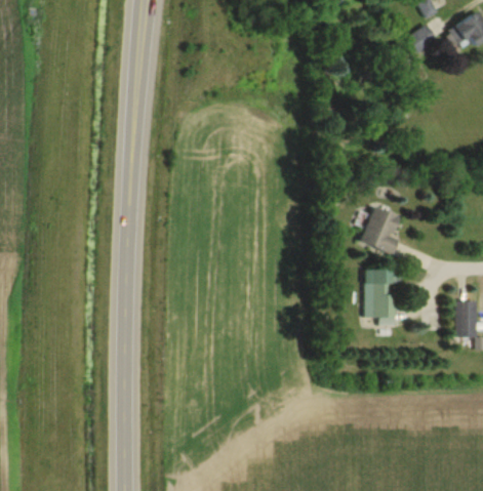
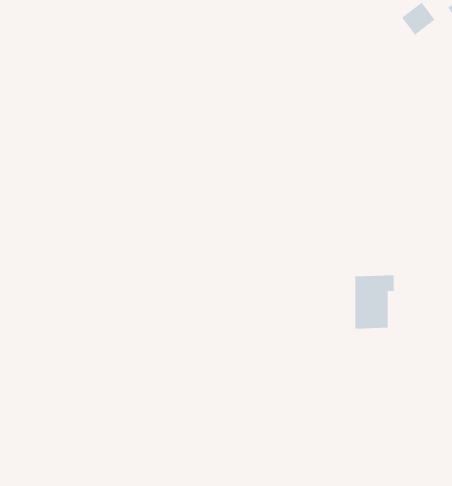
building: [360,206,400,254] -> none

